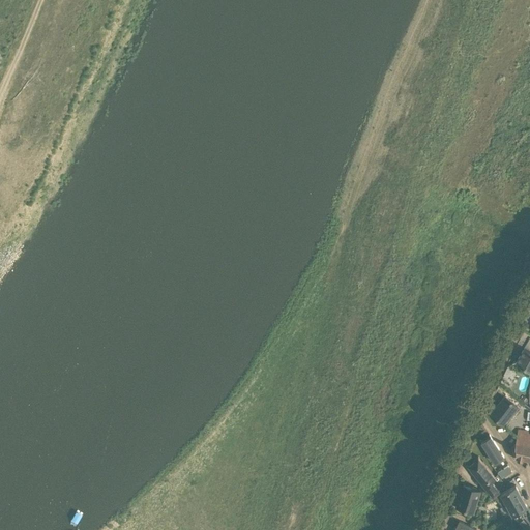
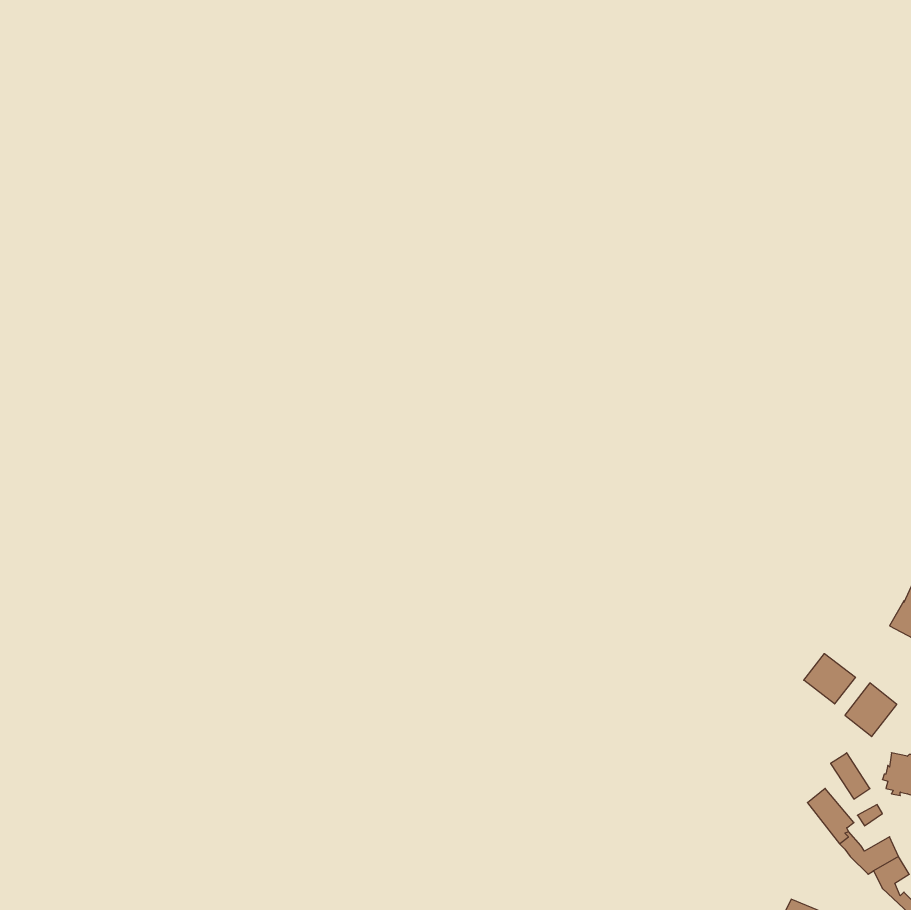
building: none -> [804,654,855,704]
building: [457,487,480,514] -> none

